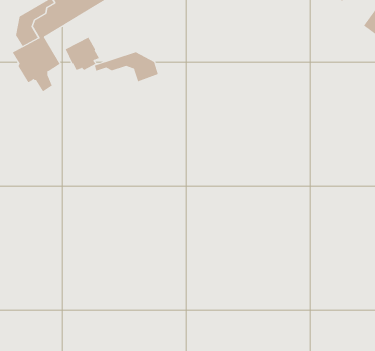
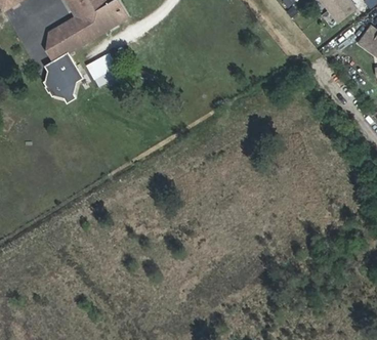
building: [94,52,158,82] -> none

